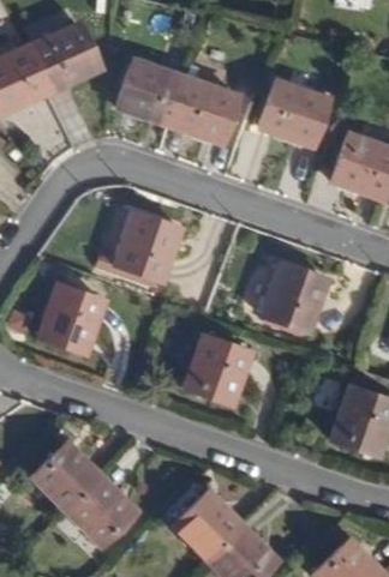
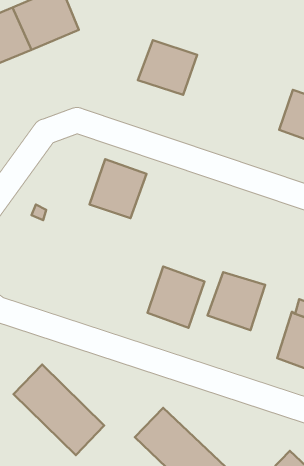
building: [120,56,188,121] -> none
building: [262,77,330,143] -> none
building: [261,264,327,330] -> [207,272,265,330]
building: [38,283,102,351] -> none

